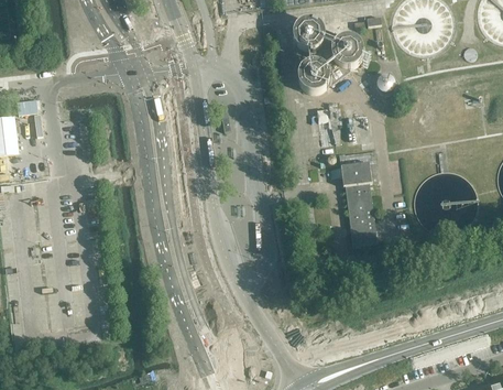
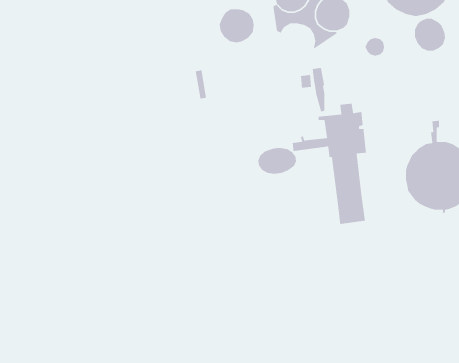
building: none -> [414,18,446,51]
building: [295,62,328,94] -> [219,8,255,43]
building: none -> [257,147,297,174]

